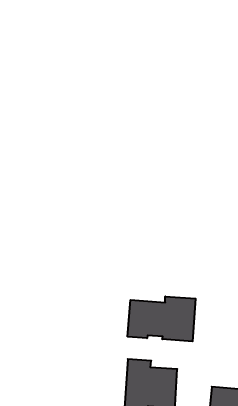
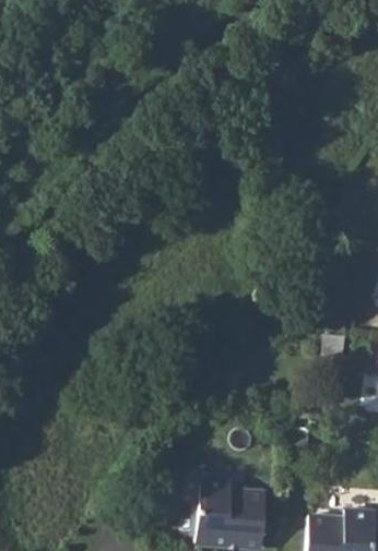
building: [128,296,196,341] -> none

